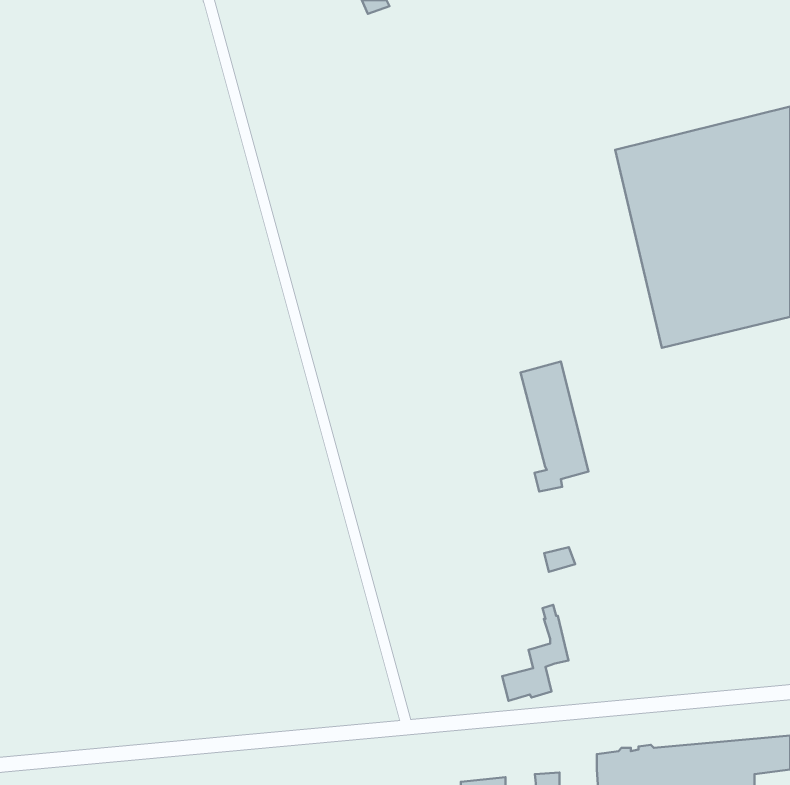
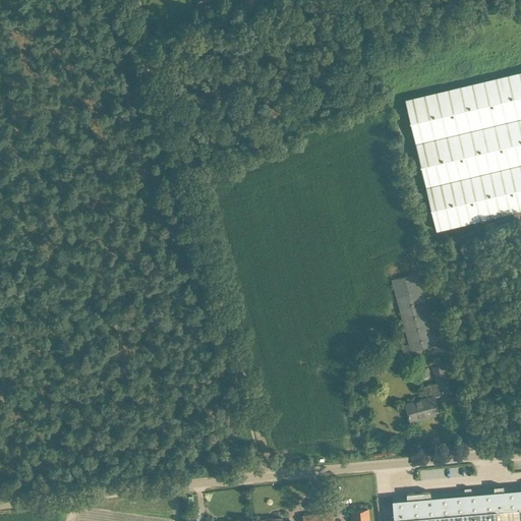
building: [521,362,589,491] -> [392,275,437,360]
building: [502,605,569,701] -> [406,359,450,422]

